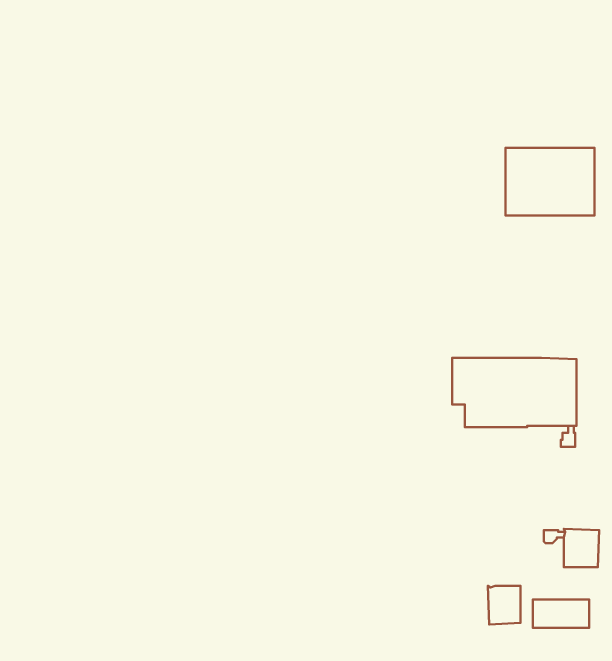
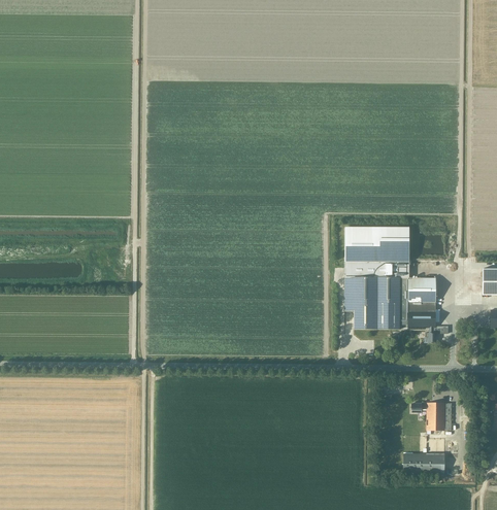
building: [505,148,595,216] -> [345,228,410,277]
building: [488,586,521,625] -> none

